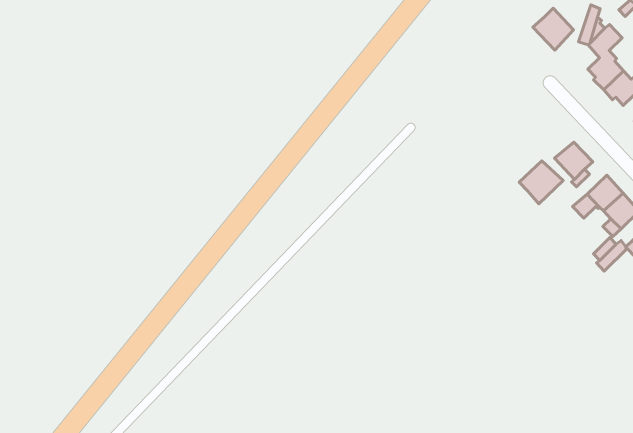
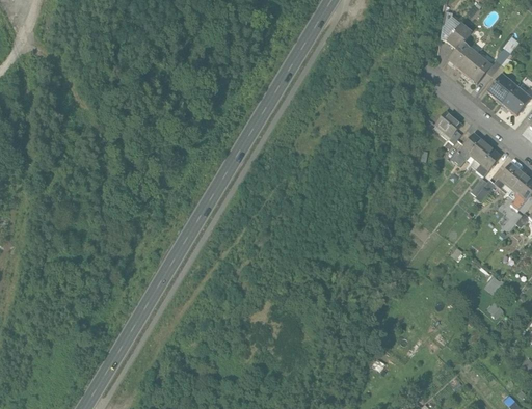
building: [533,8,573,50] -> none
building: [519,161,563,204] -> none

